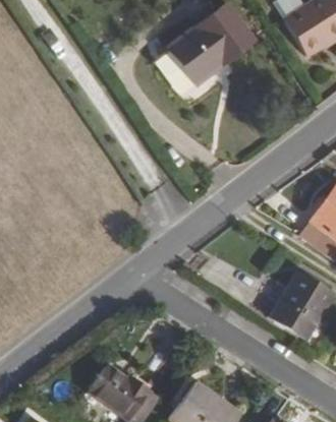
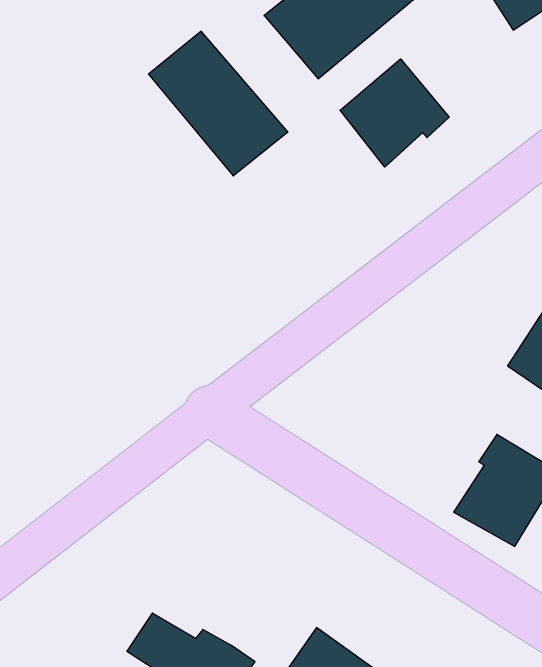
building: none -> [149,31,288,176]
building: none -> [340,59,449,167]

